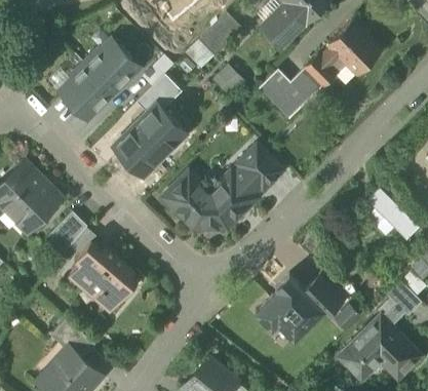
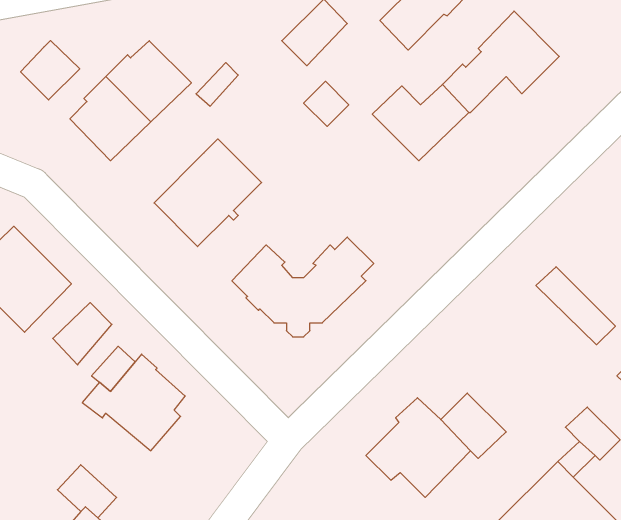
building: none -> [21,41,80,100]
building: [135,74,182,114] -> none
building: [236,145,282,191] -> none

